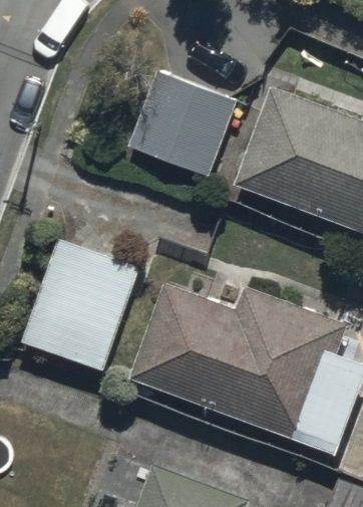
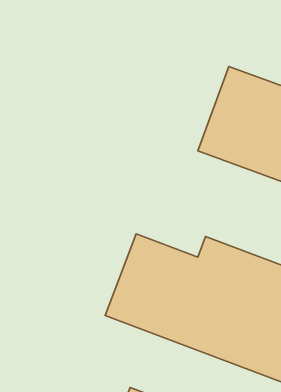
building: [128,71,243,181] -> none
building: [20,239,138,370] -> none

